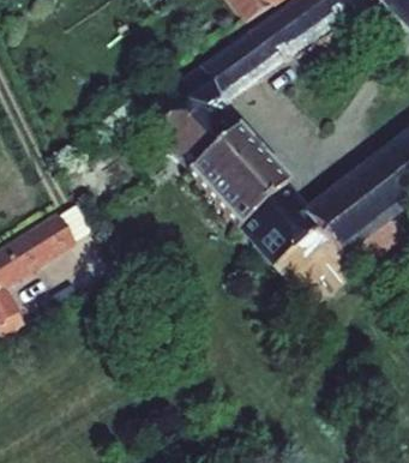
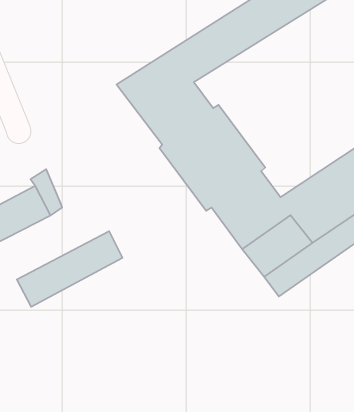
building: none -> [17,231,122,307]

